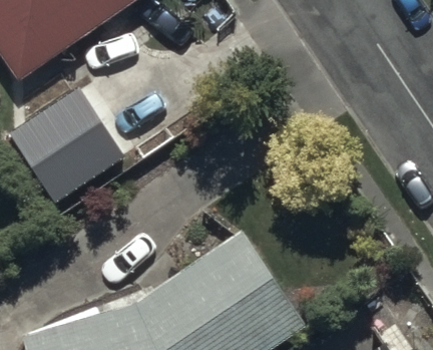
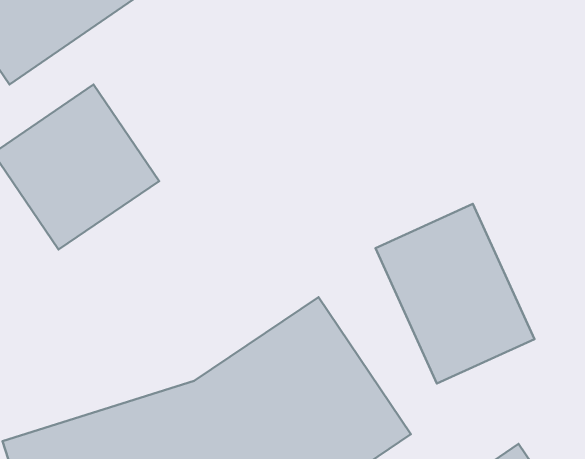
building: none -> [375,204,535,384]

